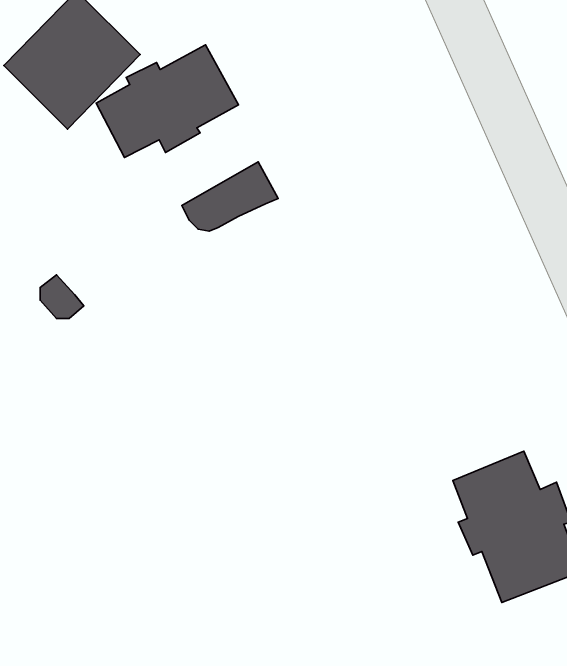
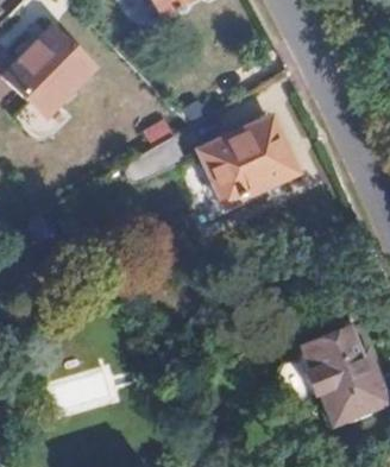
building: [96,45,239,158] -> none
building: none -> [203,121,292,202]

